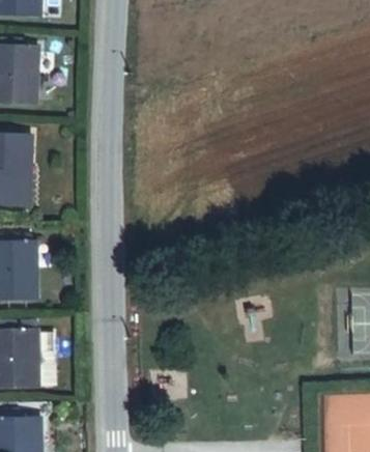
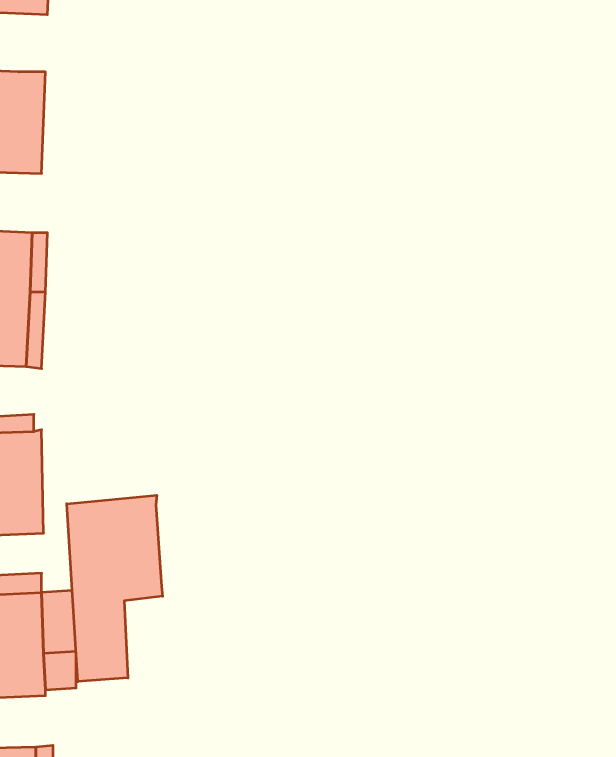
building: none -> [67,495,163,682]

